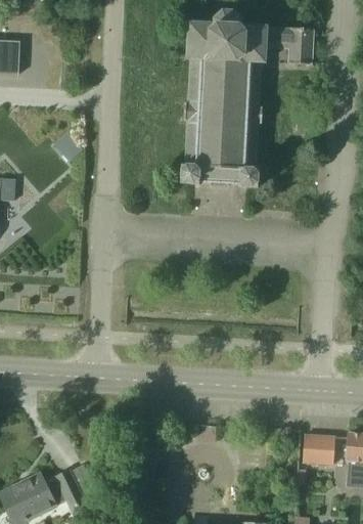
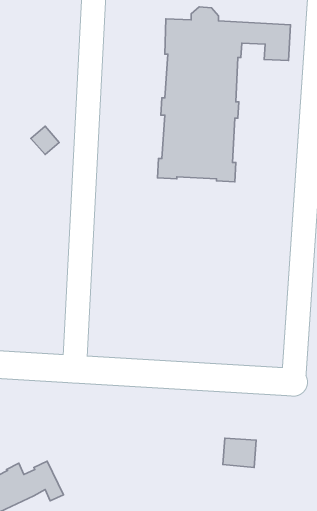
building: [302,434,335,464] -> [223,438,256,467]

